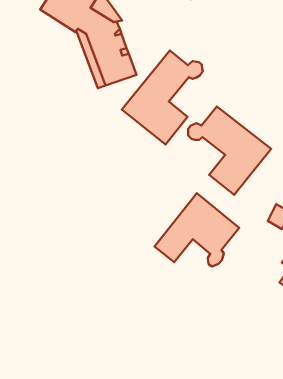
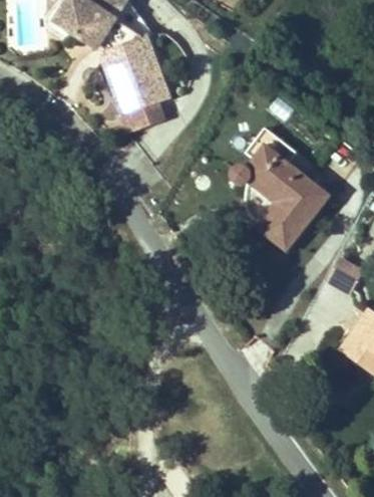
building: [122,51,203,144] -> none
building: [154,193,239,267] -> none

